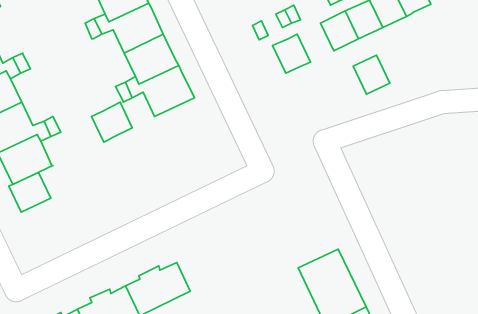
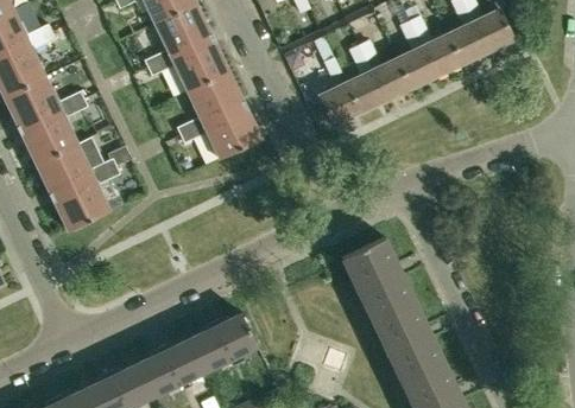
building: none -> [320,83,359,126]
building: [353,55,390,94] -> [371,59,410,101]
building: [92,102,132,142] -> none
building: [9,172,51,212] -> none
building: none -> [342,237,415,320]

